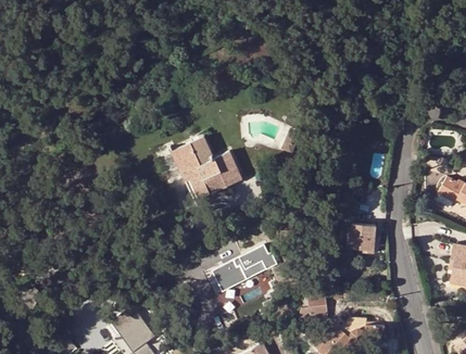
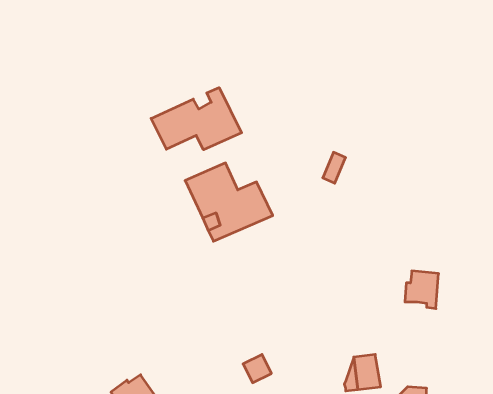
building: none -> [151,88,242,150]
building: [213,244,278,292] -> none

